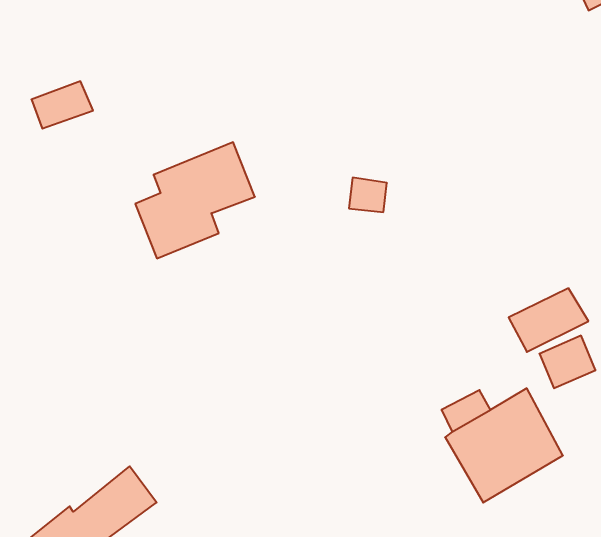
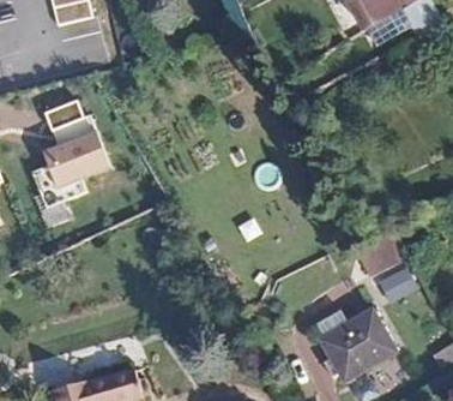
building: [135,142,255,258] -> [30,127,109,204]

